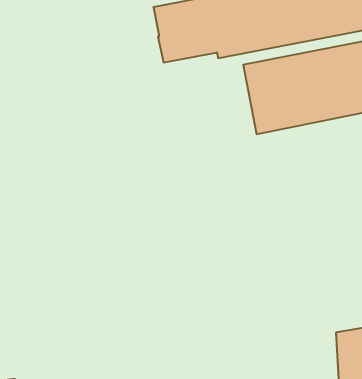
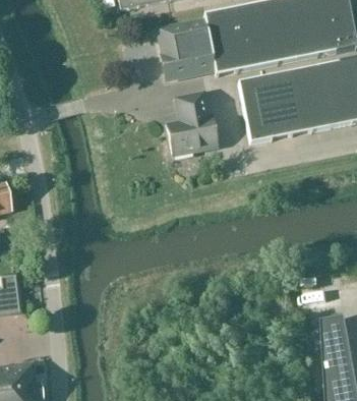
building: none -> [166,91,217,153]

